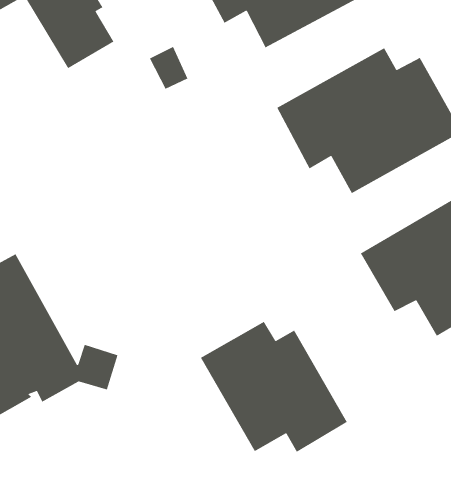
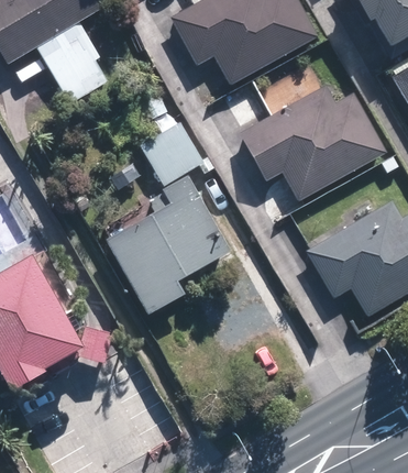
building: none -> [103,121,228,310]
building: [200,321,348,453] -> none

